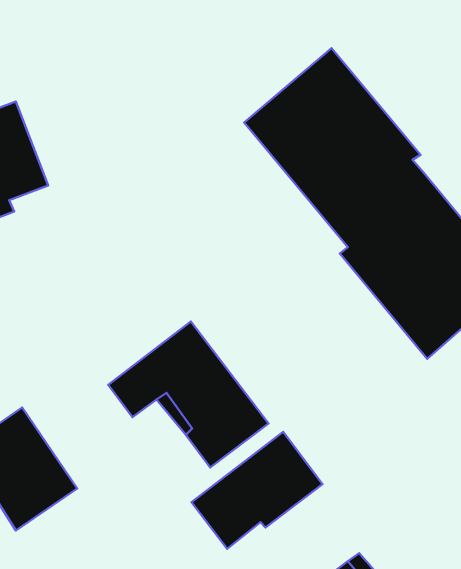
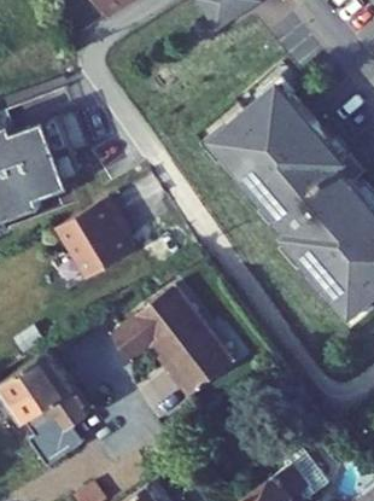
building: none -> [55,199,129,278]
building: [191,432,322,549] -> none

